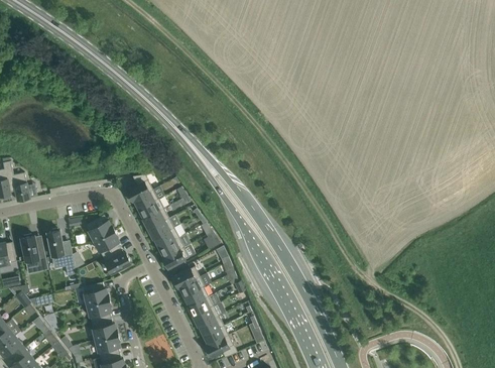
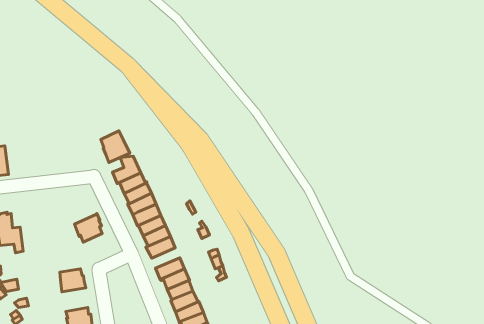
building: none -> [101,131,130,162]
building: [85,215,114,241] -> none
building: [46,228,76,275] -> none
building: [103,248,130,273] -> none
building: [86,299,111,323] -> none

